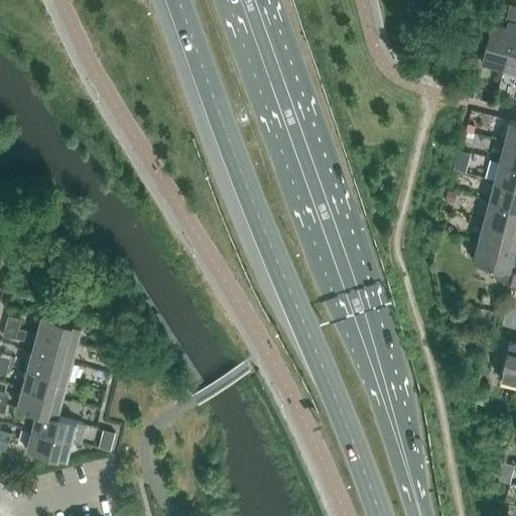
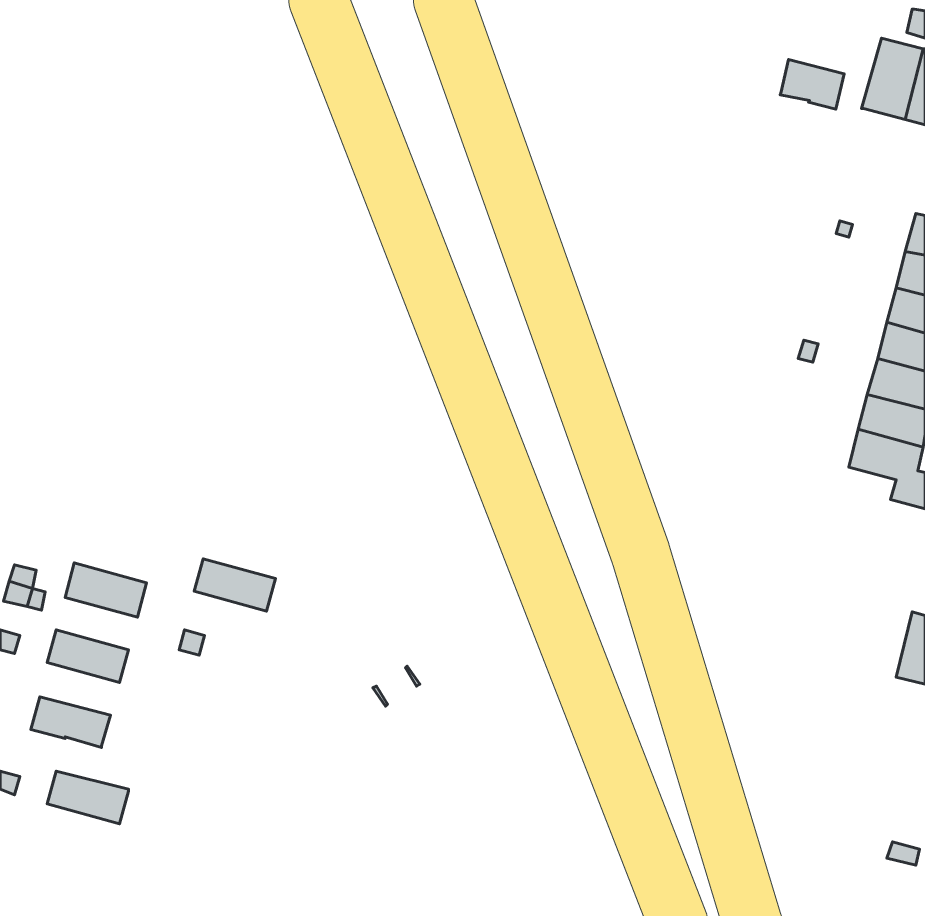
building: none -> [780,60,844,109]
building: [31,338,77,367] -> [194,559,276,611]
building: [22,374,67,403] -> none
building: [31,415,87,447] -> none

